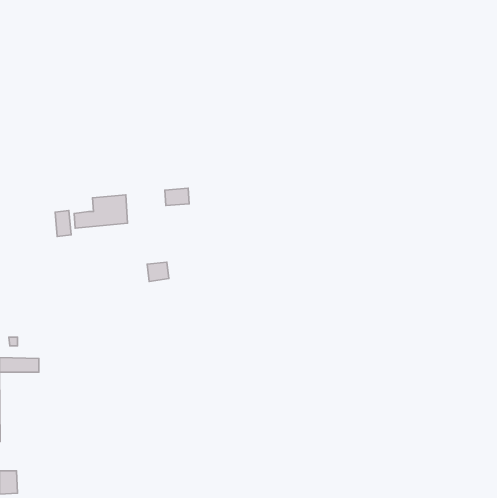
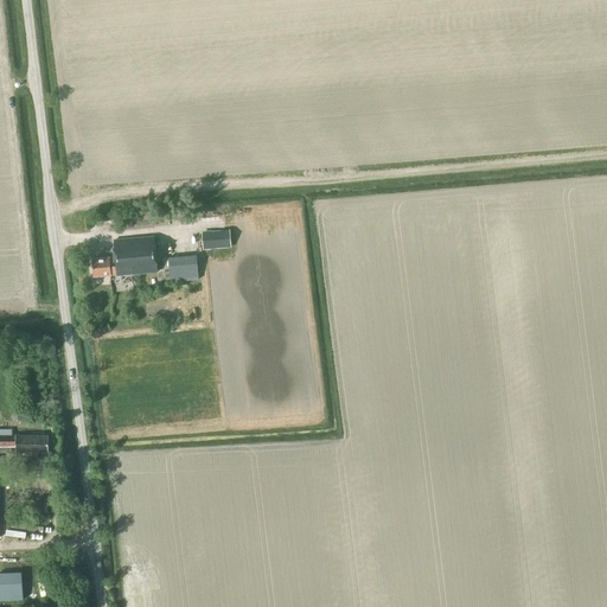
building: [55,211,71,237] -> none
building: [147,262,169,282] -> [168,256,194,280]

